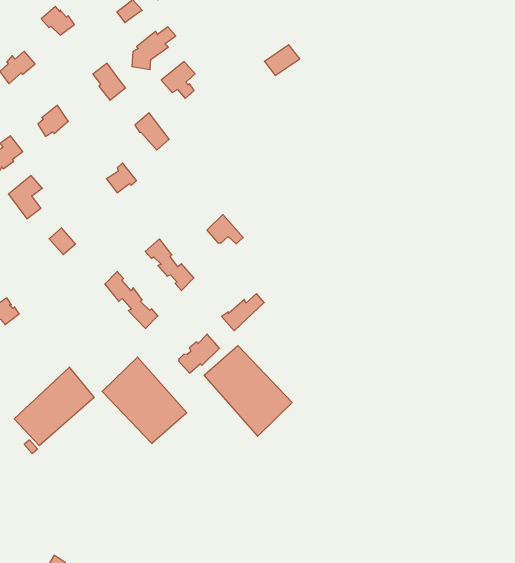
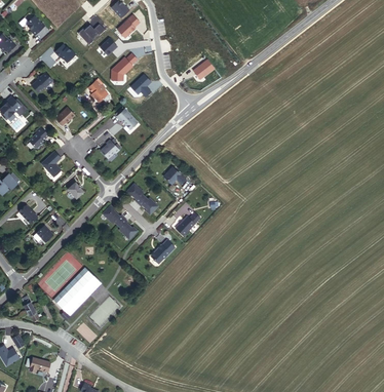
building: [204,346,292,436] -> none
building: [102,357,187,444] -> none

